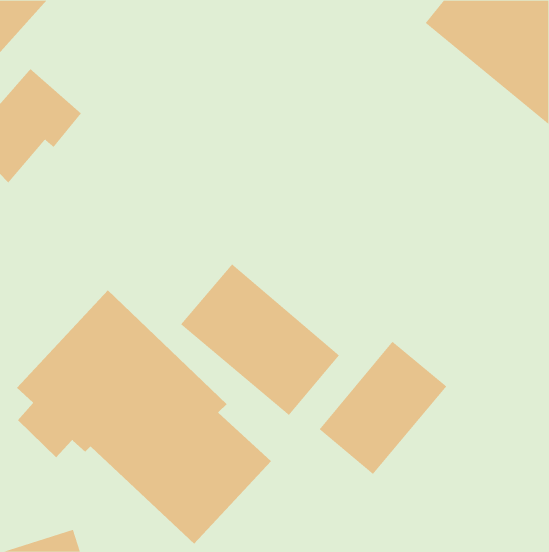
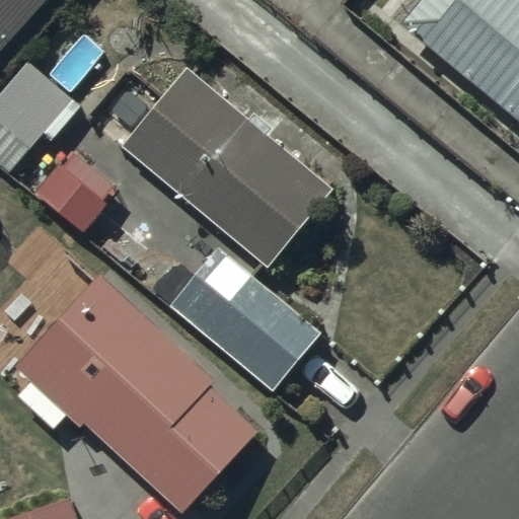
building: none -> [122,66,332,267]
building: [319,341,447,475] -> none

